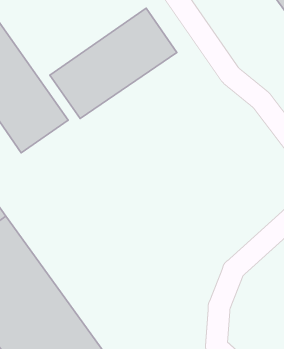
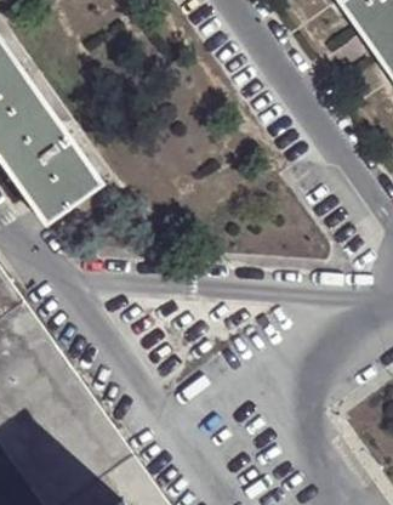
building: [50,8,177,118] -> none

